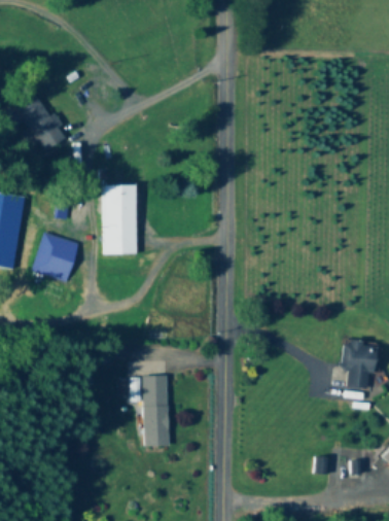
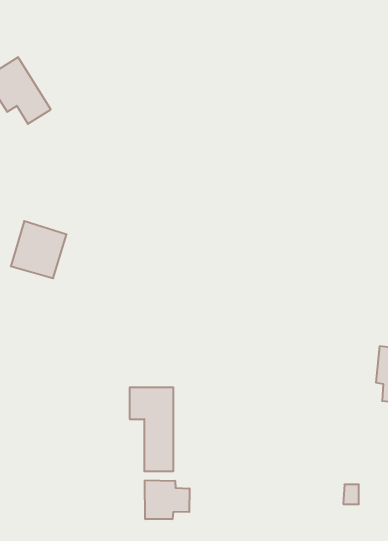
building: [104,185,137,255] -> none
building: none -> [145,480,190,519]

